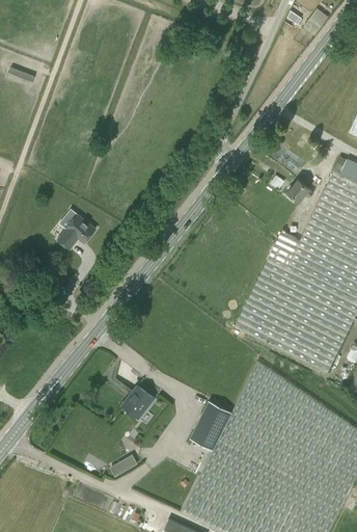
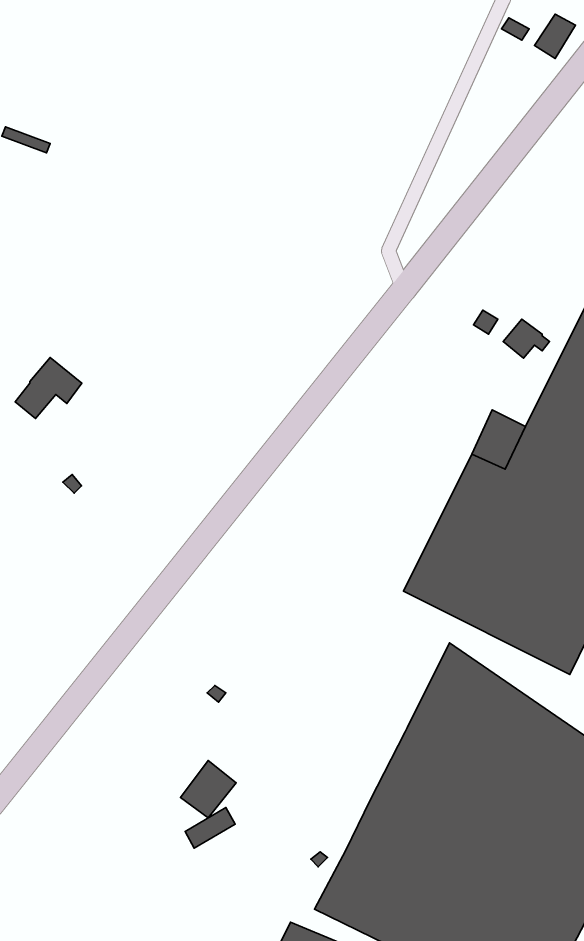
building: [59,214,97,248] -> [15,357,82,418]
building: [123,385,155,418] -> [181,760,236,818]
building: [191,400,234,450] -> none

